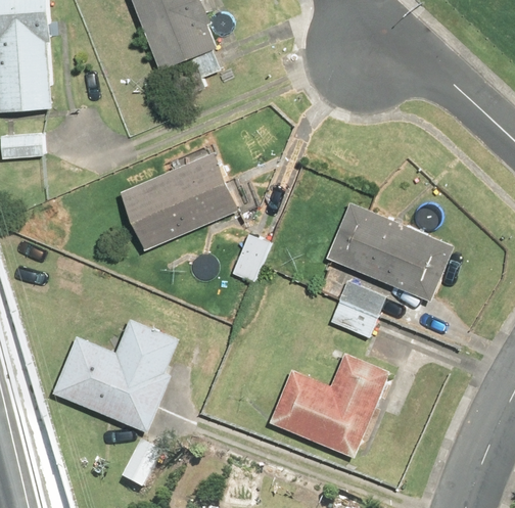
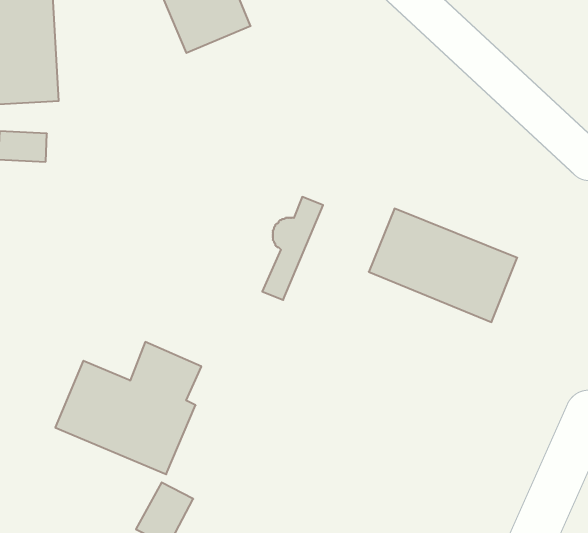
building: [122,152,241,249] -> none
building: [329,278,386,336] -> none
building: [269,354,388,457] -> none

